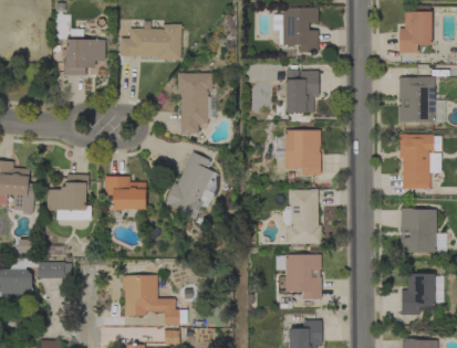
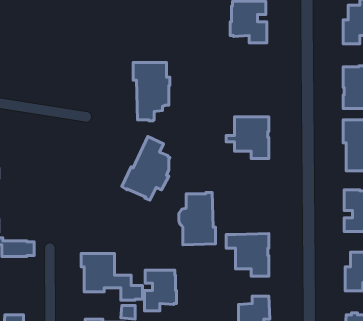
building: [120,24,181,60] -> none
building: [63,29,105,75] -> none
building: [287,70,319,113] -> none
building: [46,175,91,220] -> none
building: [104,176,146,211] -> none
building: [282,189,321,244] -> [179,193,215,245]
building: none -> [144,270,177,311]

